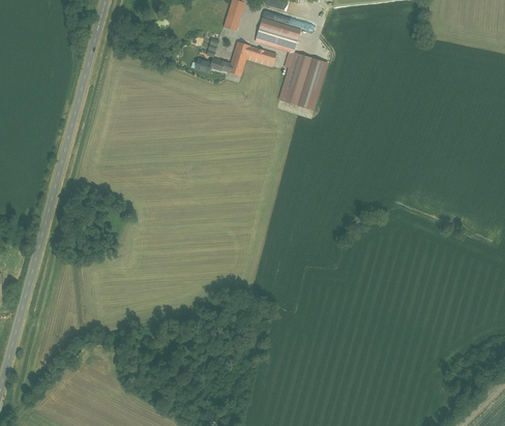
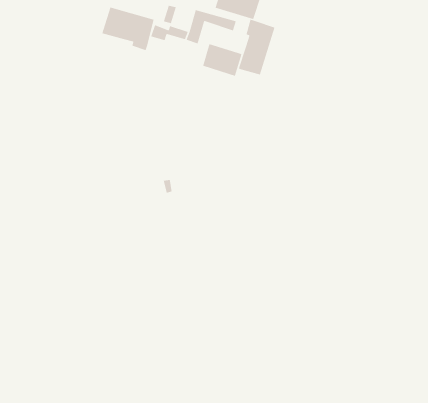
building: none -> [101,6,155,51]
building: none -> [202,43,242,77]

